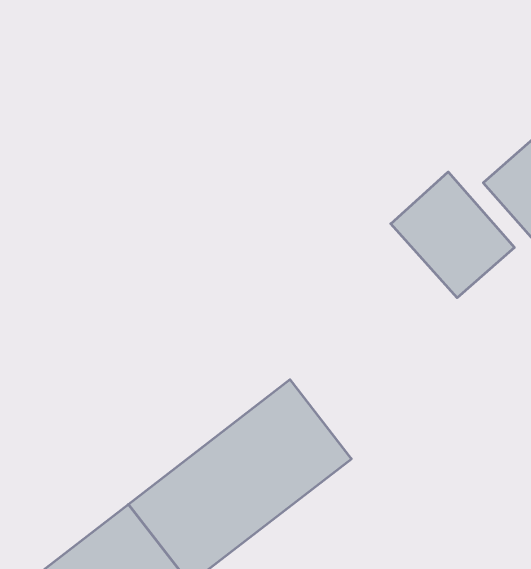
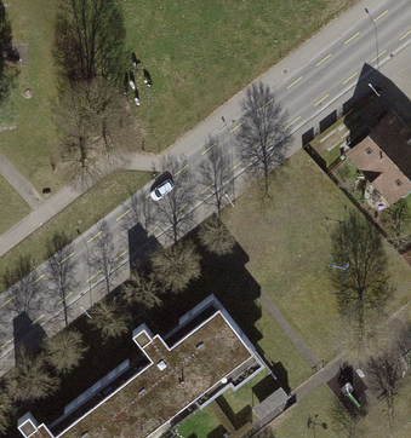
building: [391,172,514,298] -> none

